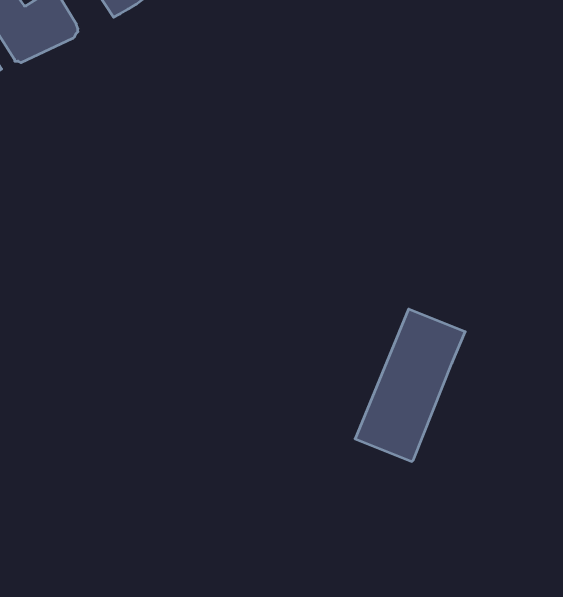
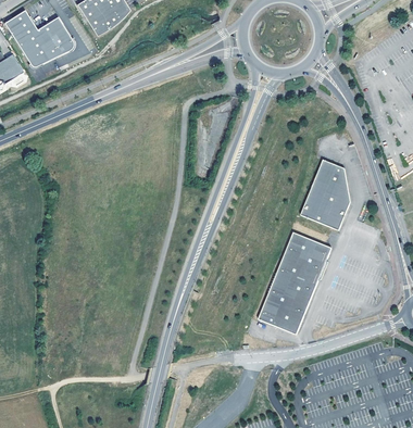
building: none -> [301,159,351,230]

